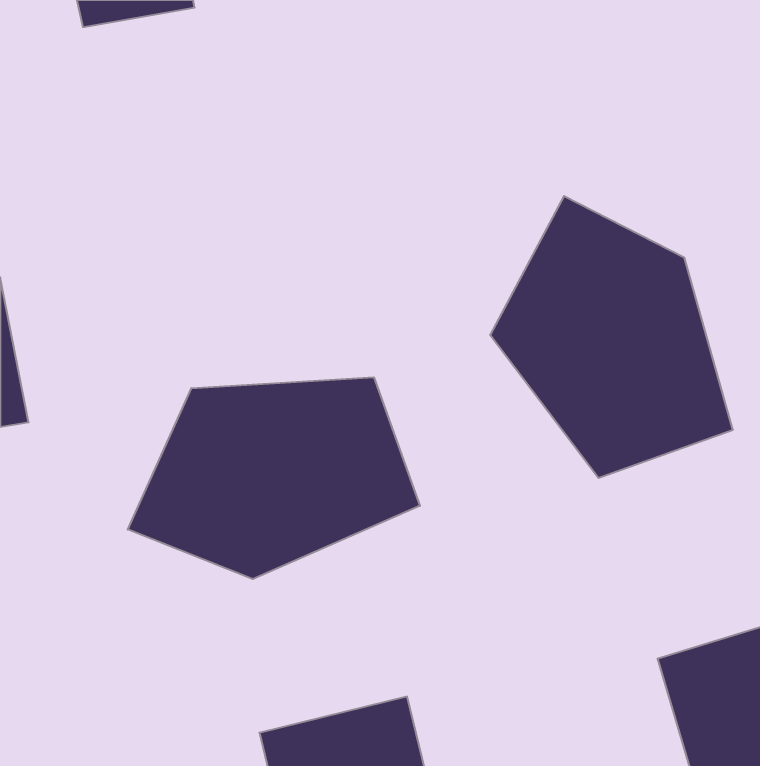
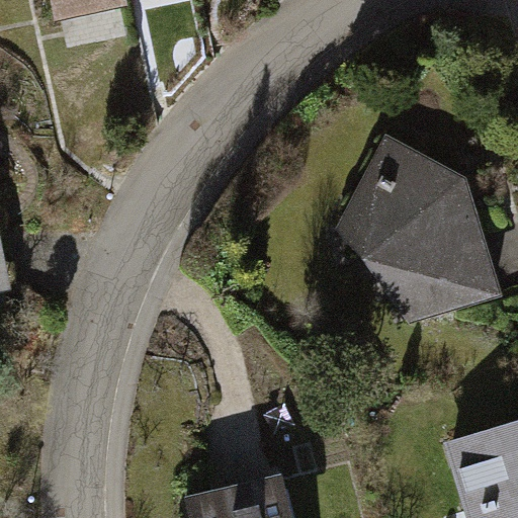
building: [128,377,420,579] -> none

